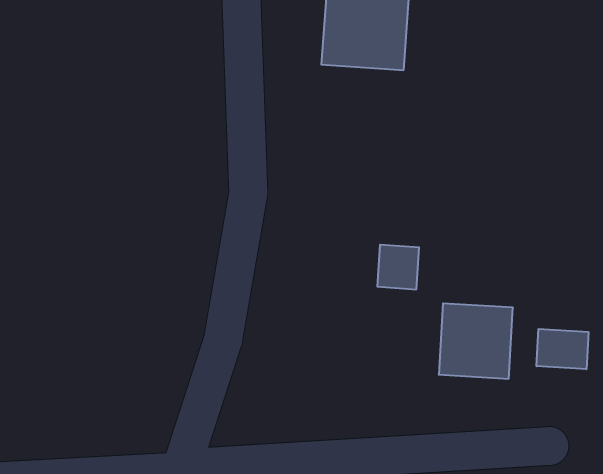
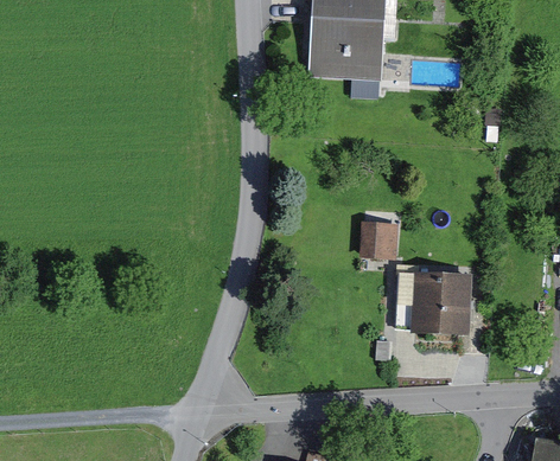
building: [537,329,588,369] -> none

